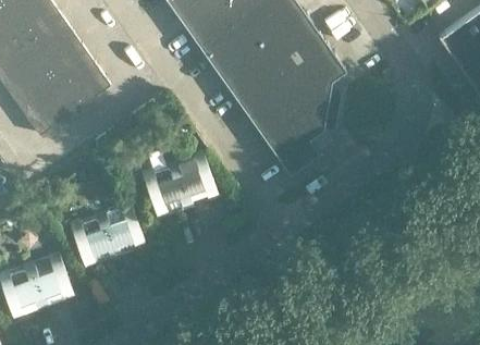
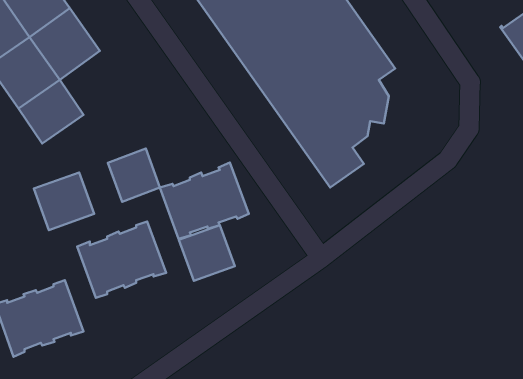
building: [53,56,110,111] -> none
building: none -> [108,149,160,202]
building: none -> [34,173,94,230]
building: none -> [179,225,235,281]

